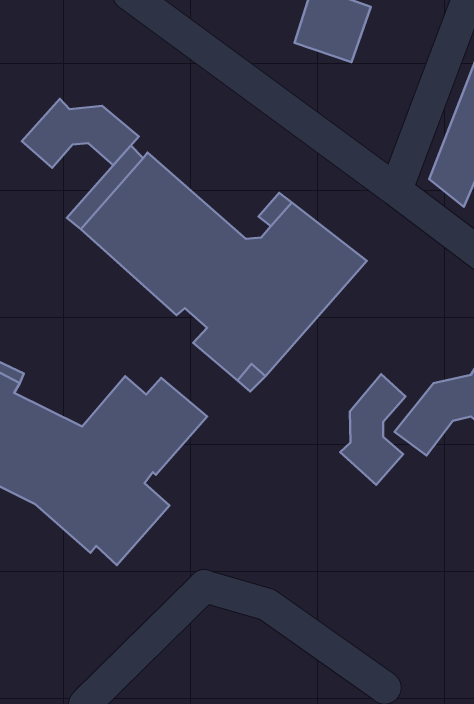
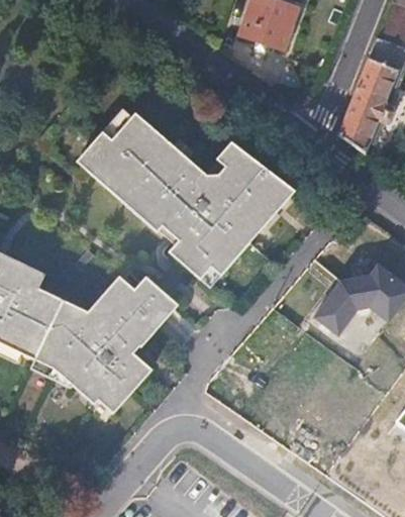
building: [22,99,139,168] -> none
building: [340,374,406,485] -> none

